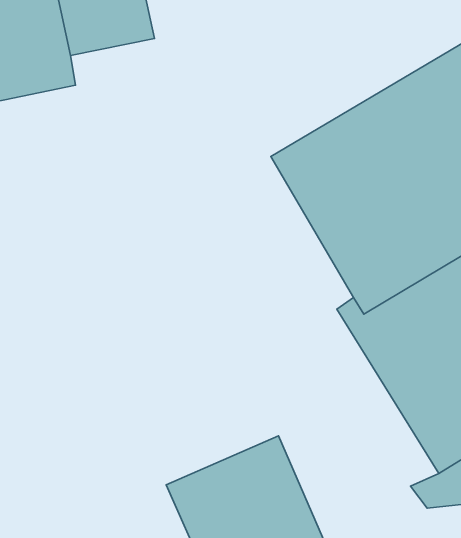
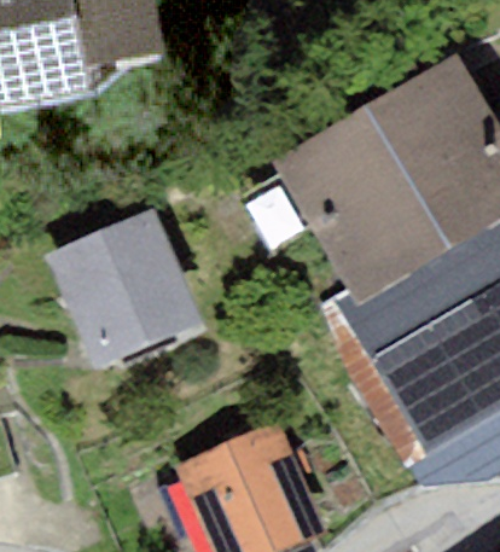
building: none -> [46,209,203,370]

